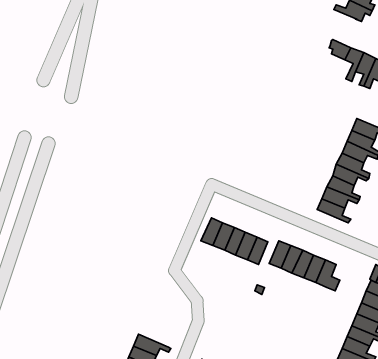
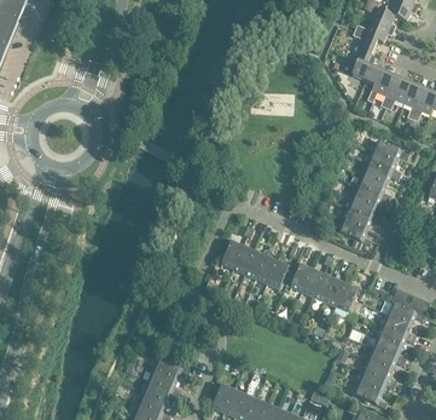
building: none -> [353,29,378,68]

